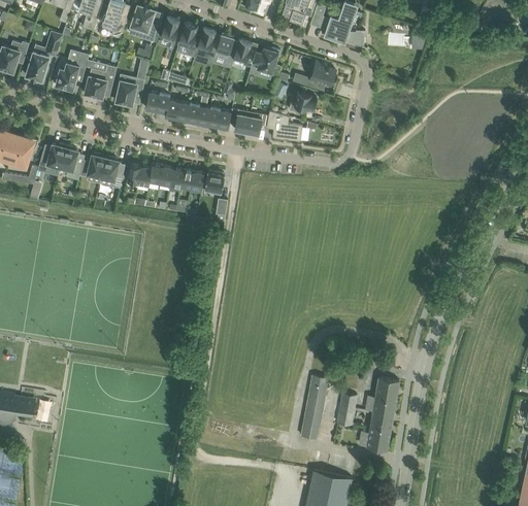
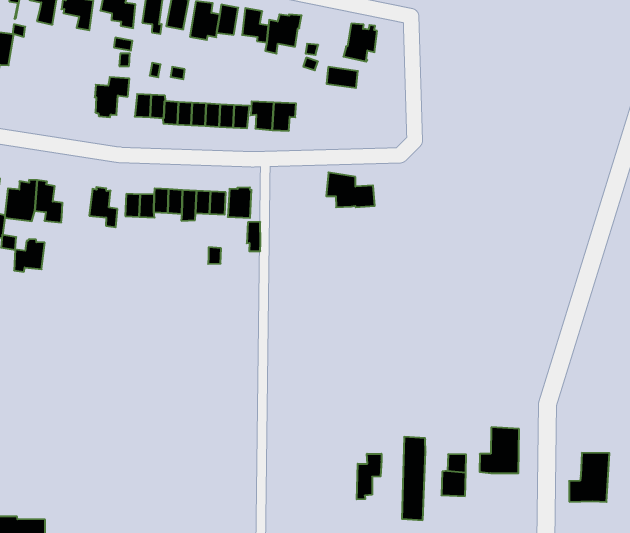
building: [55,52,89,90] -> none
building: [84,65,117,98] -> none
building: [265,111,301,141] -> [326,172,375,207]
building: [79,154,105,177] -> [14,239,45,272]
building: none -> [357,454,381,499]
building: [358,411,393,450] -> [569,453,609,502]

